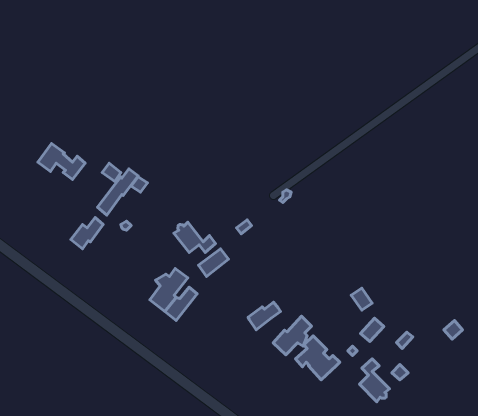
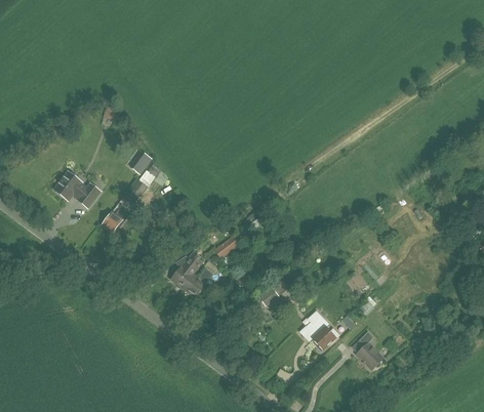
building: [38,144,85,179] -> [55,173,97,205]
building: [174,222,216,253] -> none
building: [273,316,312,355] -> none

